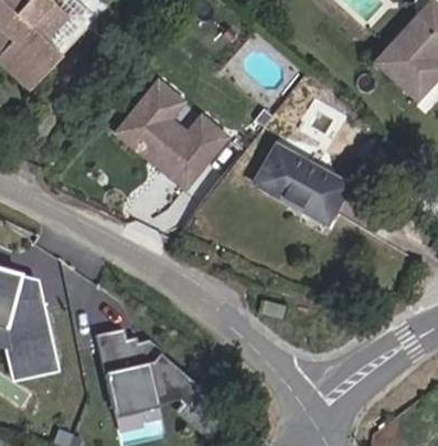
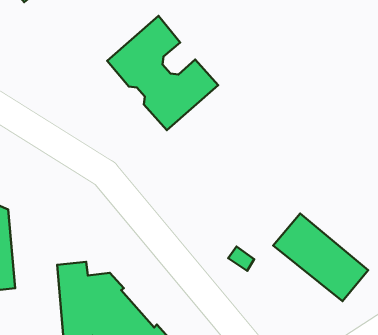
building: [253,147,348,226] -> [273,213,368,301]

